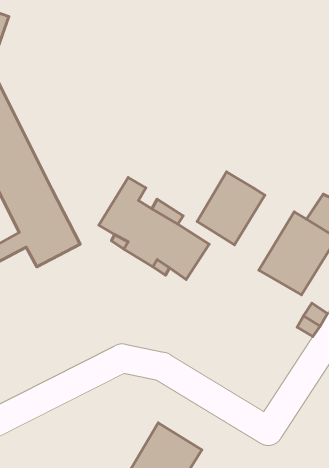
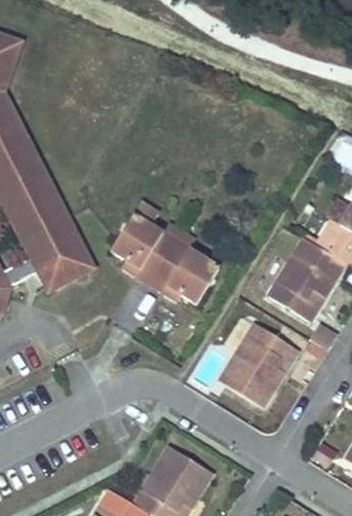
building: [197,172,265,245] -> none
building: none -> [220,323,298,404]

